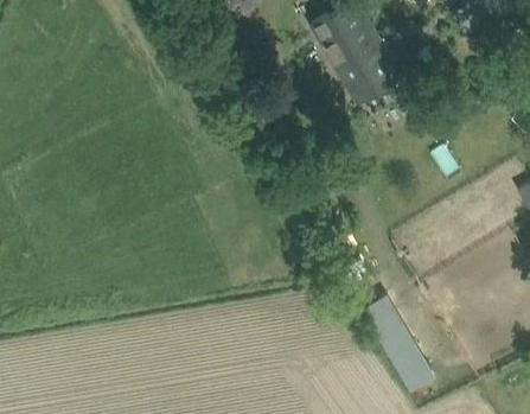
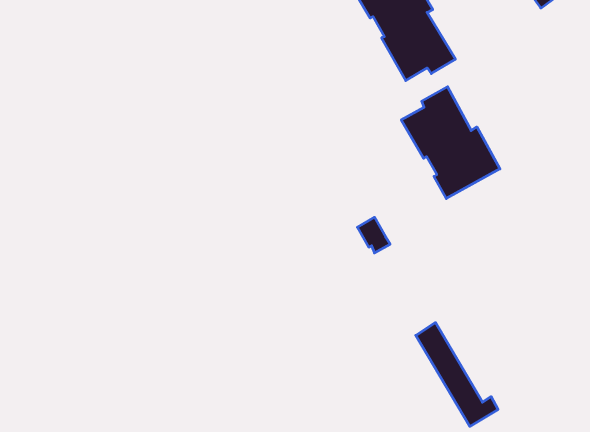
building: none -> [401,87,500,199]

